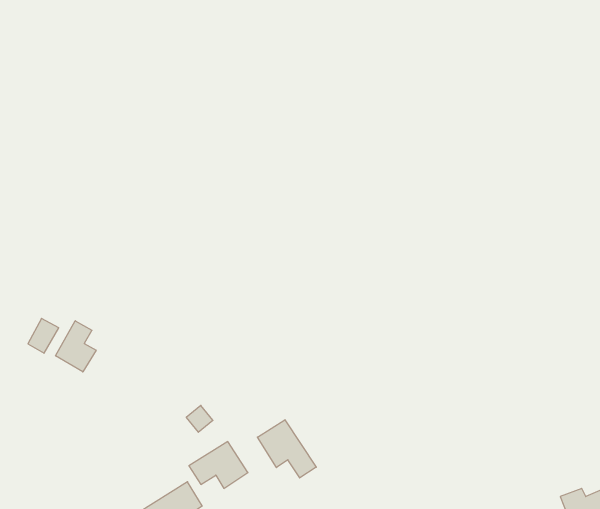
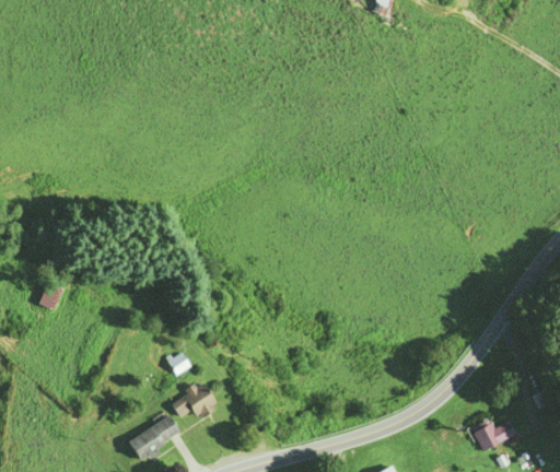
building: [56,321,96,372] -> none
building: [257,420,316,478] -> none

